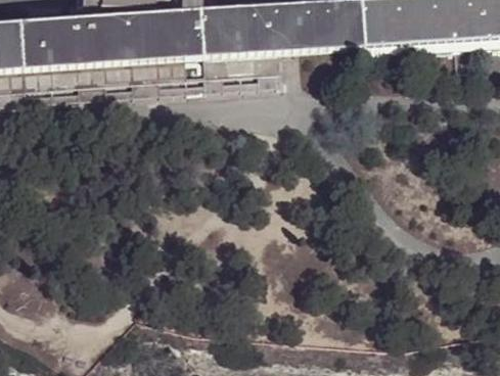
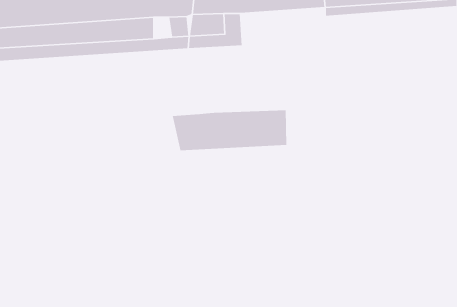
building: none -> [172,110,287,151]

